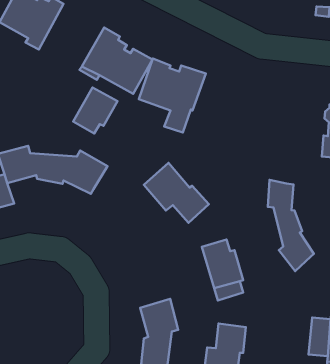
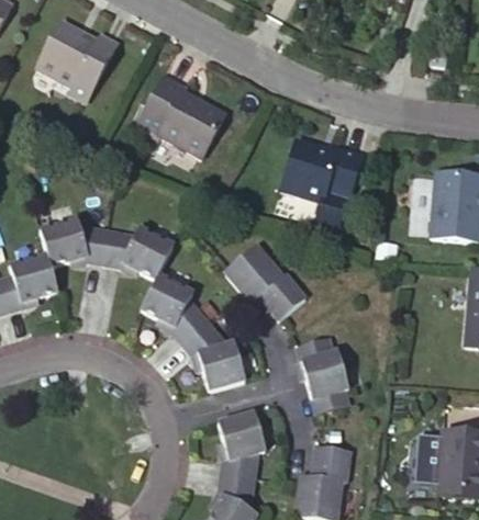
building: [139,58,206,133] -> [287,134,370,226]
building: [73,88,117,133] -> none
building: [268,180,314,271] -> none
building: none -> [136,275,241,392]

